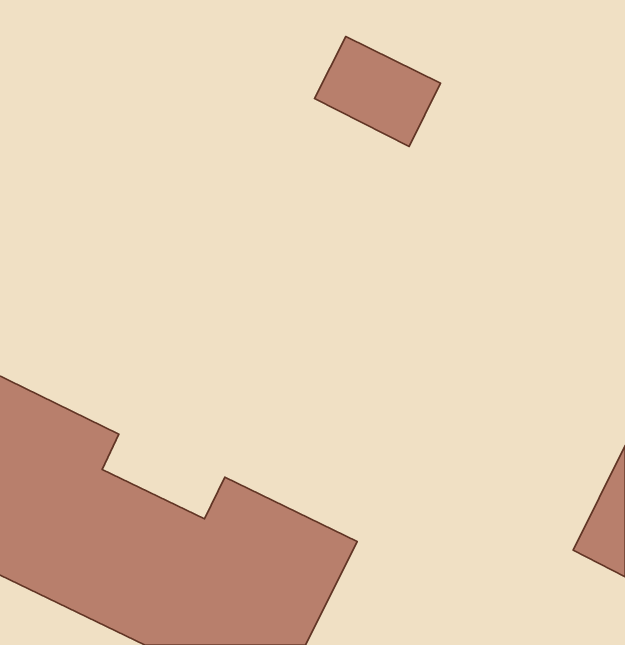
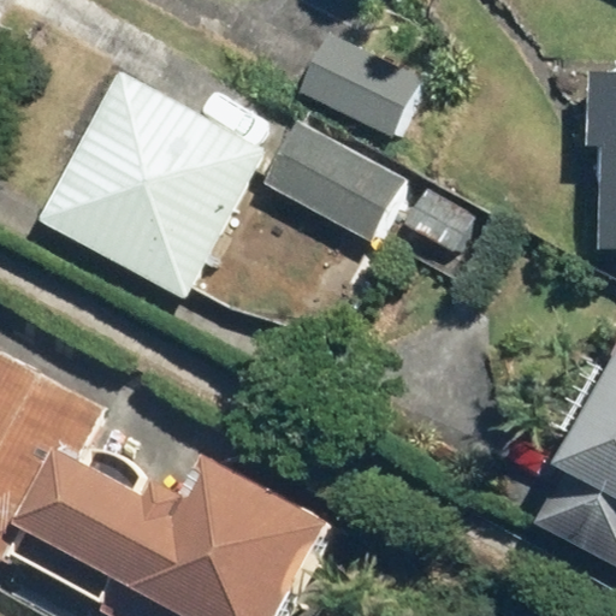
building: none -> [47,72,273,301]
building: none -> [263,123,404,243]

